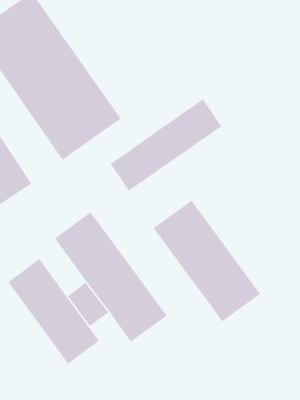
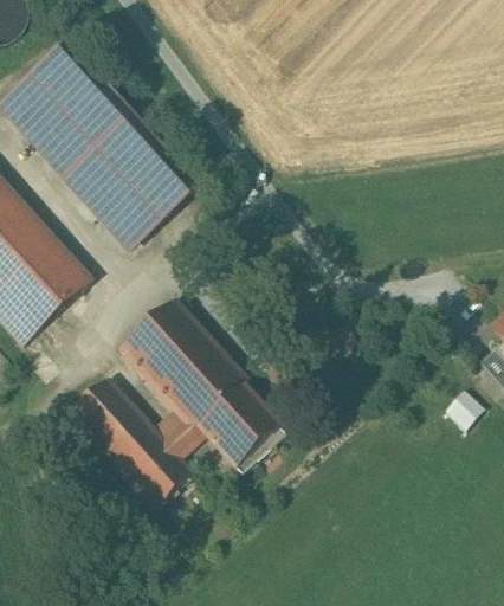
building: [110,98,222,192] -> none
building: [153,200,261,322] -> none

